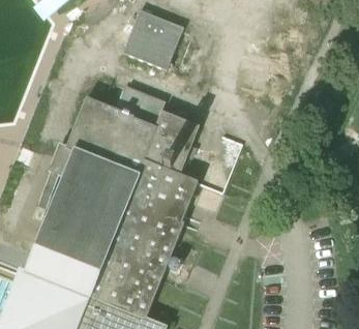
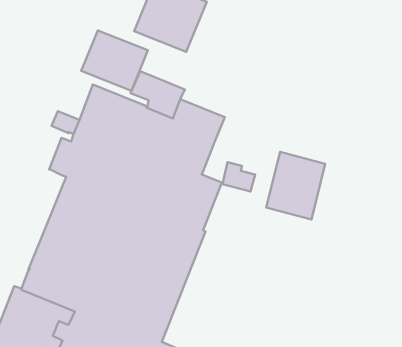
building: none -> [81,30,148,91]
building: none -> [266,152,325,219]

